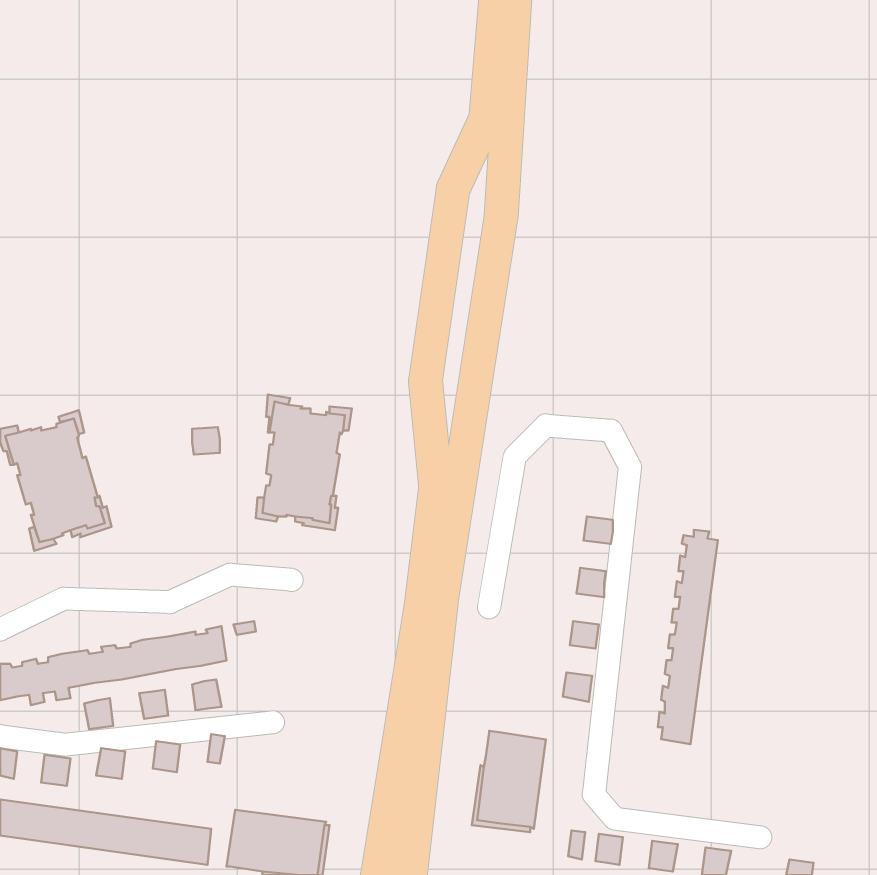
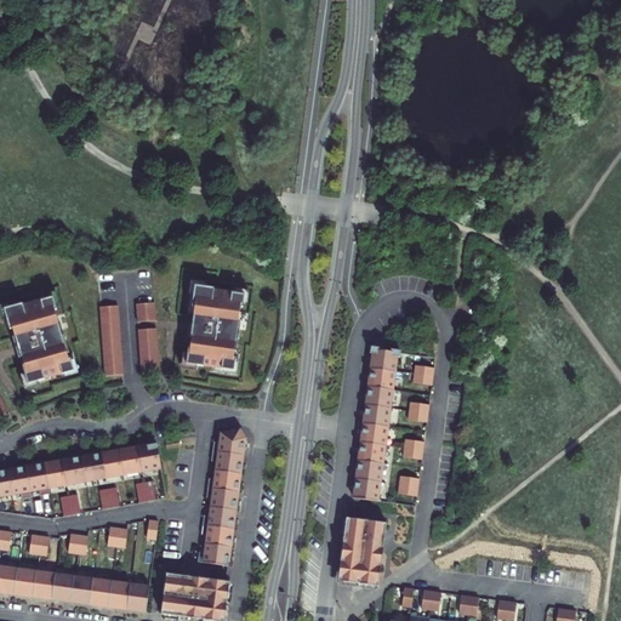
building: none -> [99,304,123,375]
building: none -> [138,327,159,372]
building: [658,530,718,744] -> [354,349,397,501]
building: none -> [199,429,246,565]

